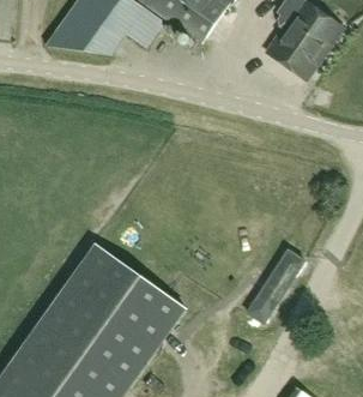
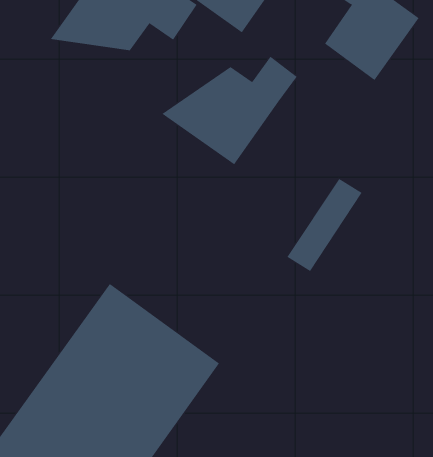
building: none -> [161,56,297,165]
building: [246,249,307,325] -> [287,178,363,272]

